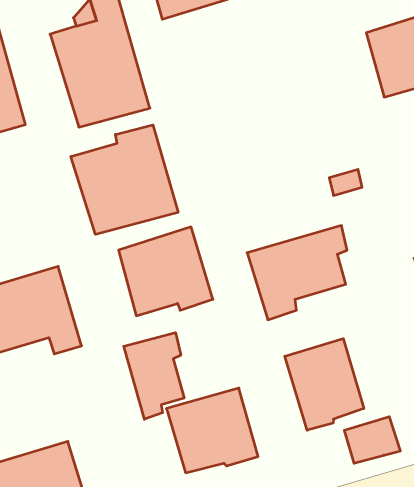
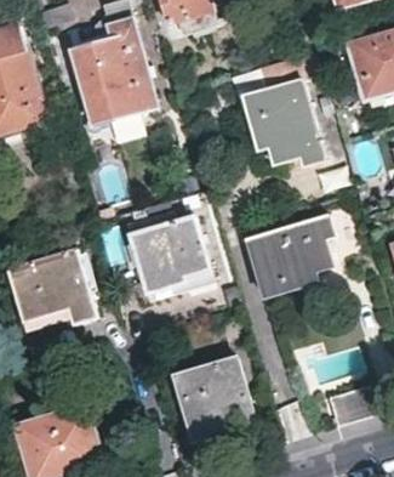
building: none -> [245,79,325,167]
building: [71,125,178,234] -> none
building: [124,333,184,419] -> none
building: [285,339,364,430] -> none

